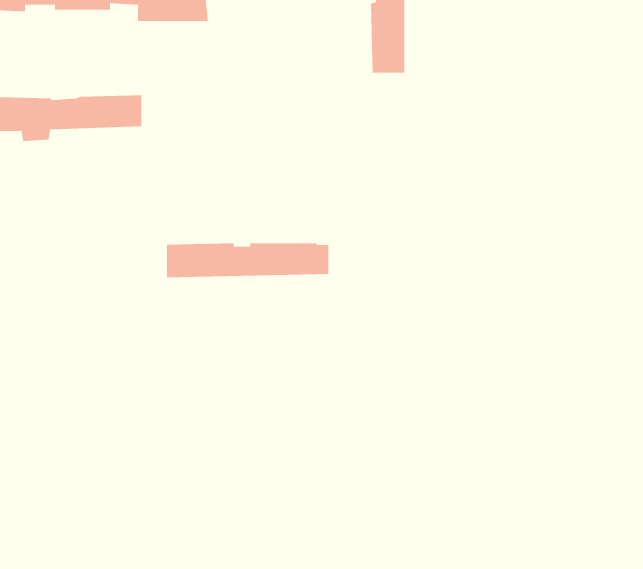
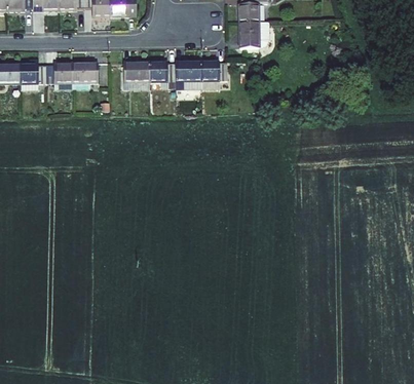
building: [166,243,329,278] -> [126,61,227,82]

